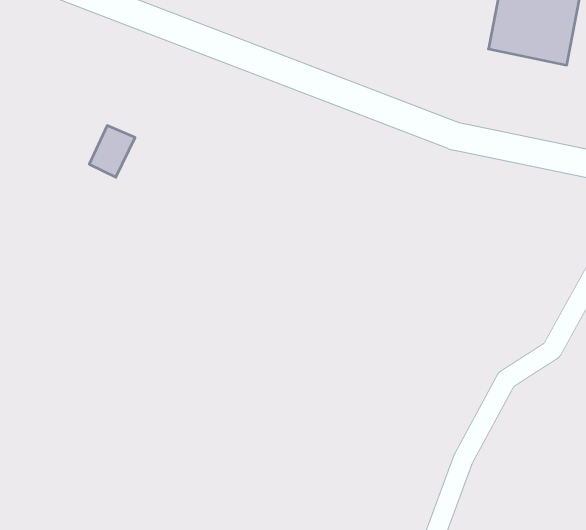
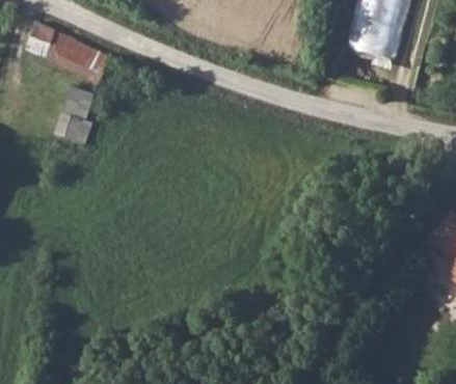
building: none -> [36,24,95,71]

